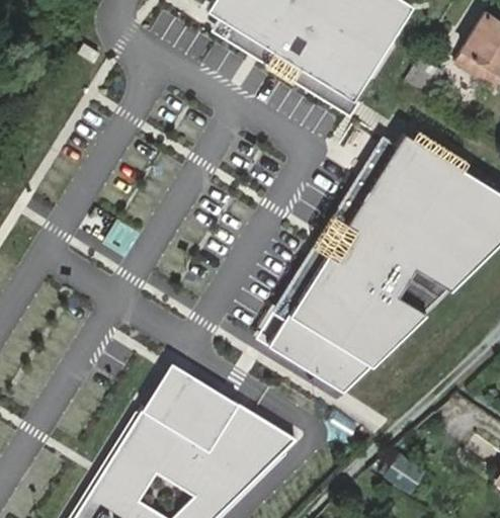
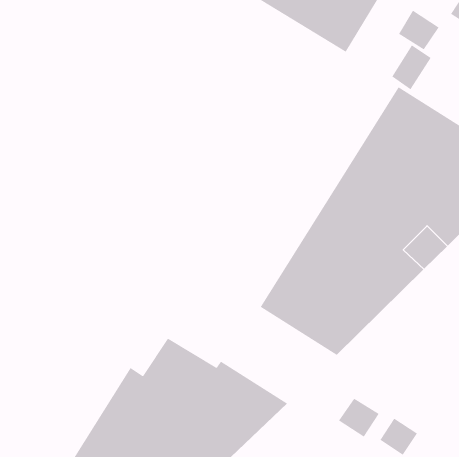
building: none -> [392,45,432,90]
building: [144,362,232,414] -> none
building: none -> [338,398,379,437]

